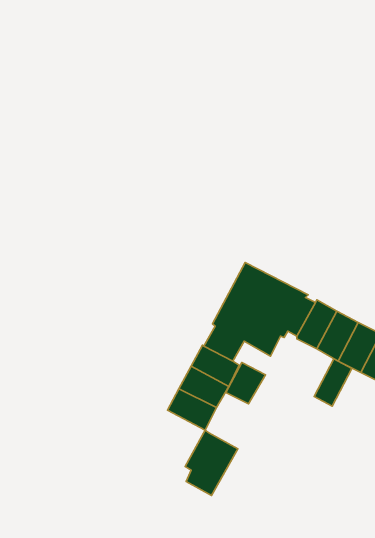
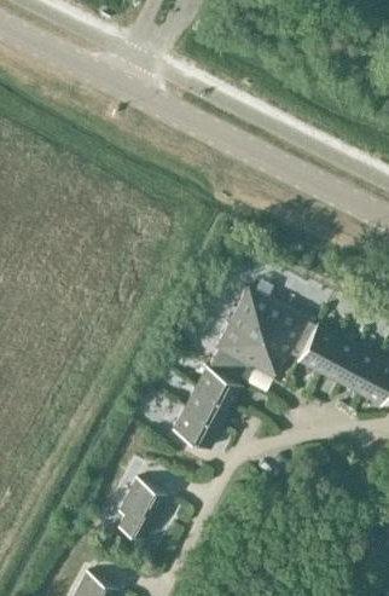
building: [314,359,352,406] -> none
building: [226,362,265,404] -> none
building: [185,430,238,495] -> [115,479,166,542]

